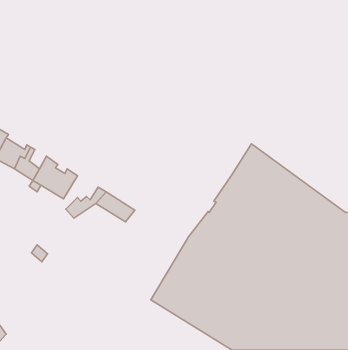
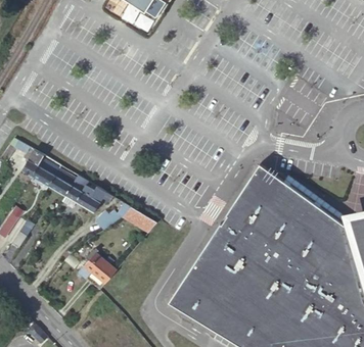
building: none -> [79,251,118,289]

